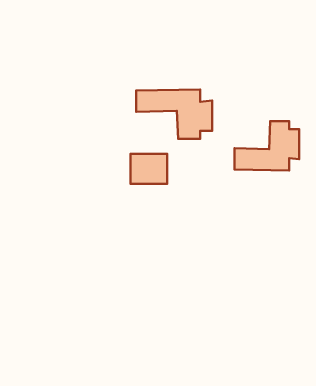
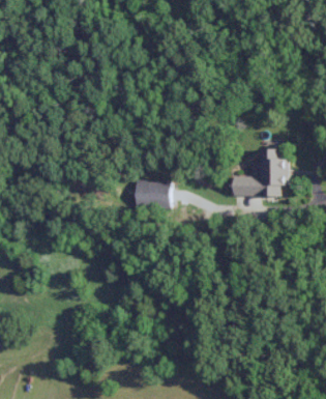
building: [136,89,212,139] -> none

